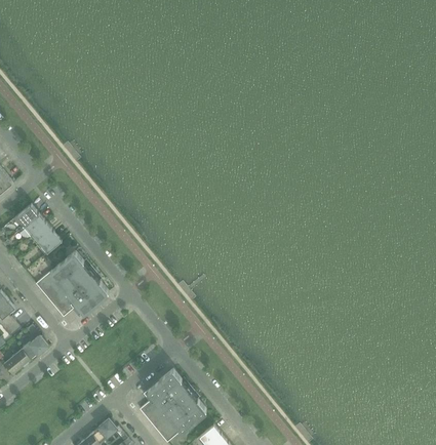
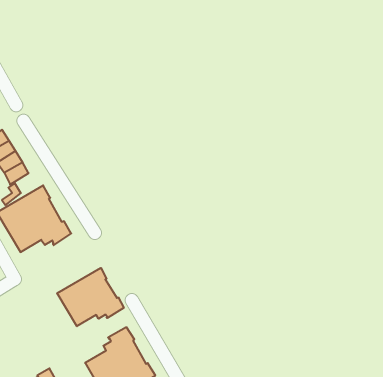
building: none -> [57,268,124,326]

